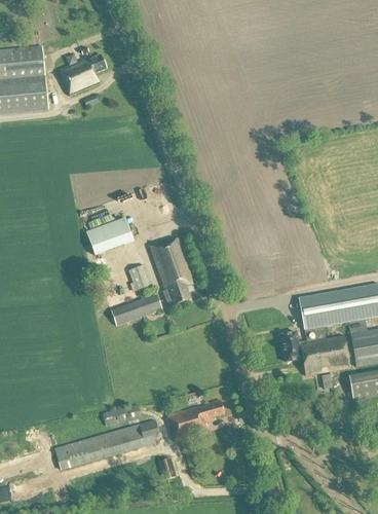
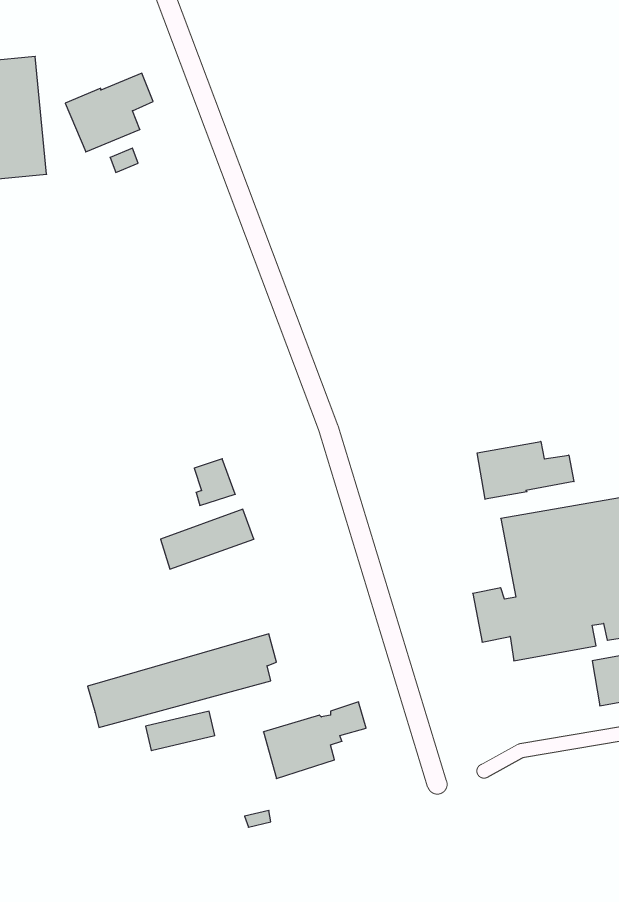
building: [86,217,134,255] -> none
building: [148,238,195,306] -> none
building: none -> [477,441,574,499]
building: [54,418,158,470] -> [88,634,276,727]

